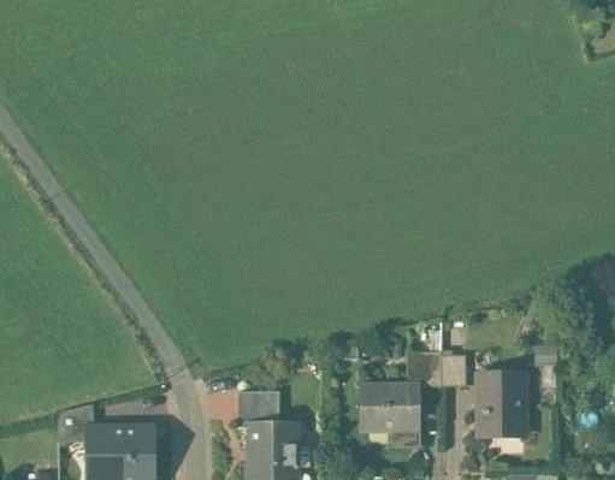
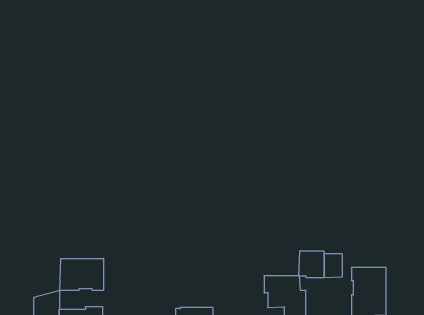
building: none -> [60,258,104,290]
building: [240,392,280,428] -> none

